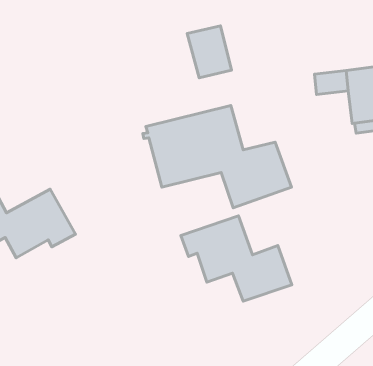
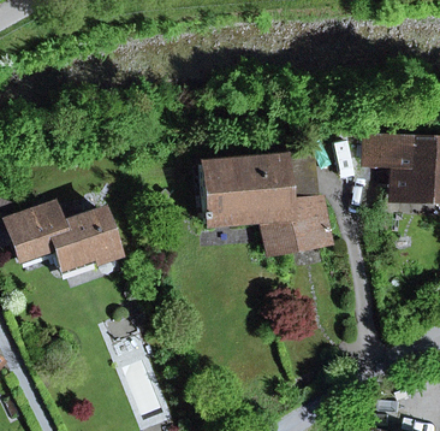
building: [187,26,231,78] -> [280,155,316,201]
building: [181,216,292,301] -> none

